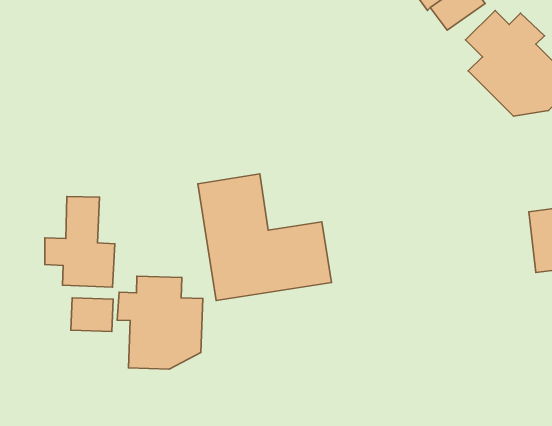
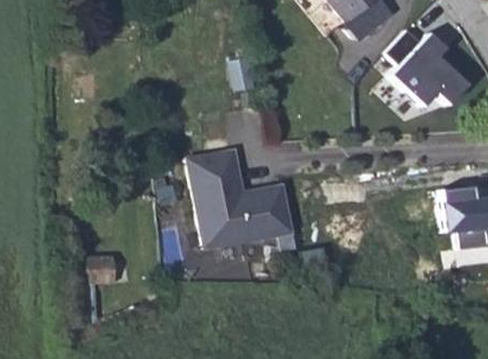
building: [45,196,115,287] -> none
building: [117,276,203,369] -> none

